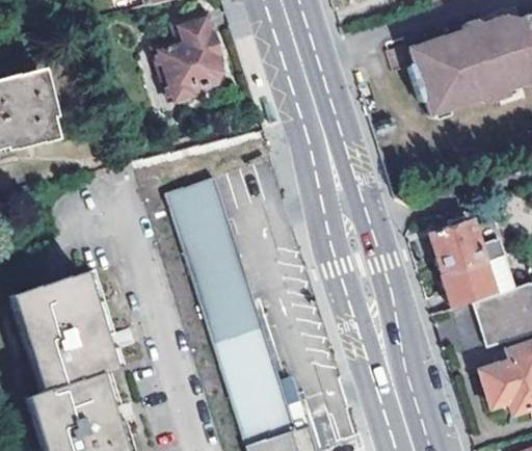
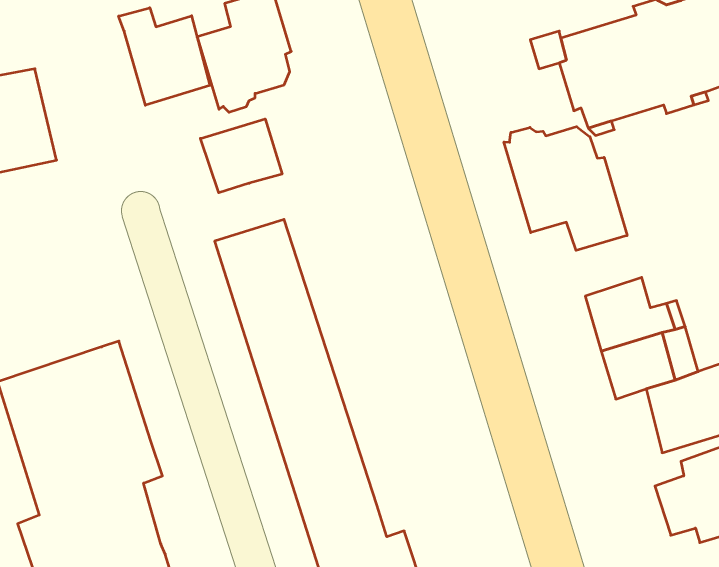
building: none -> [119,8,210,105]
building: none -> [200,119,282,193]
building: none -> [504,127,627,250]

